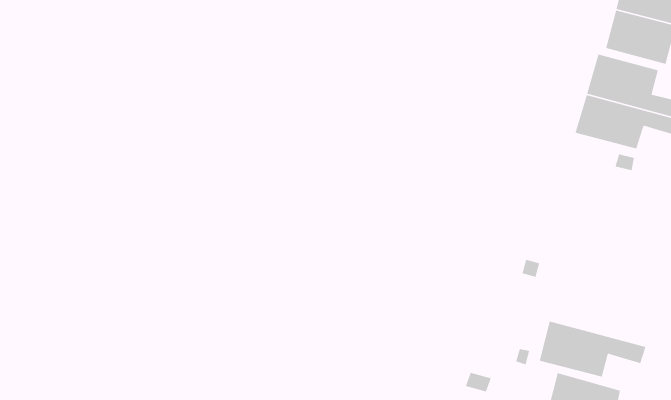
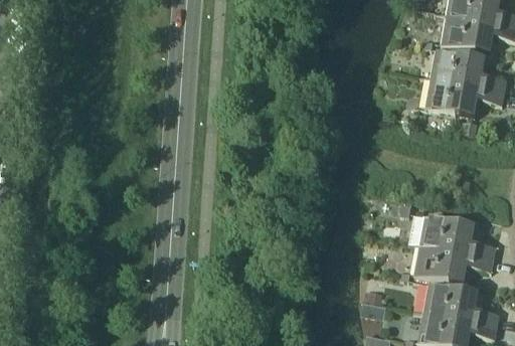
building: none -> [407,211,494,257]

